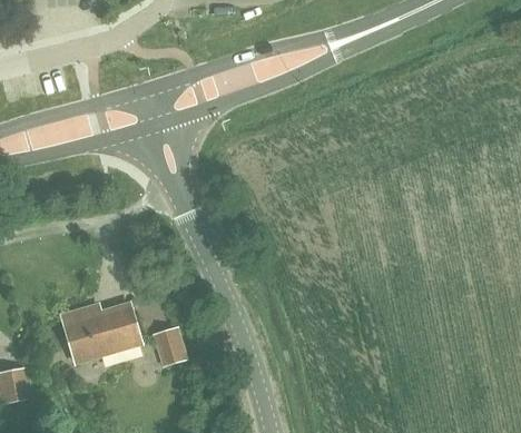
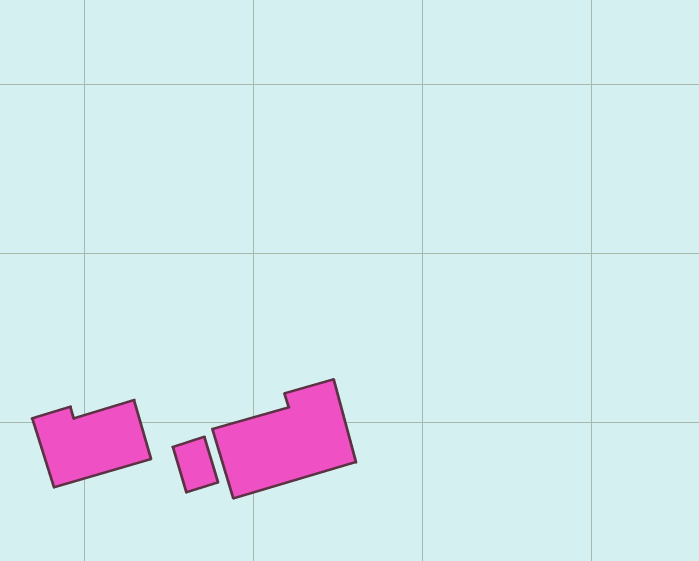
building: none -> [212,379,356,498]

